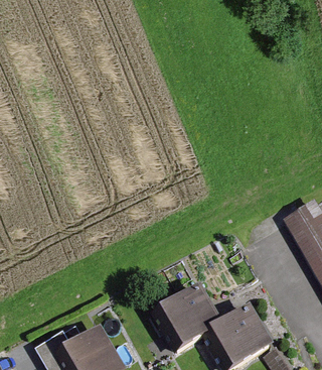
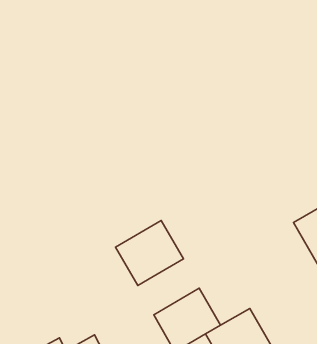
building: none -> [116,221,184,285]

